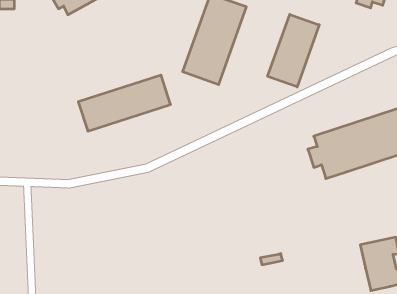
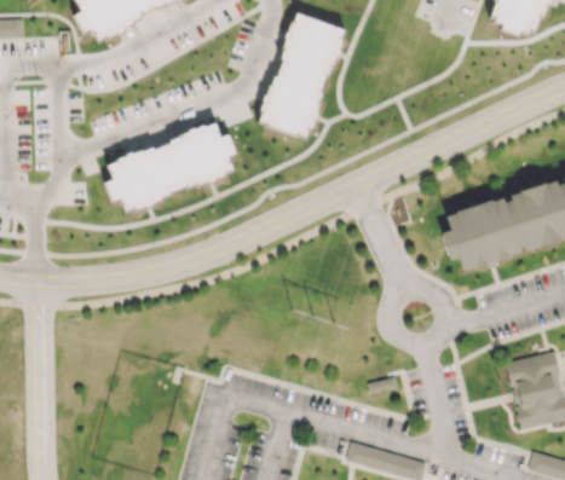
building: [268,14,319,87] -> none

